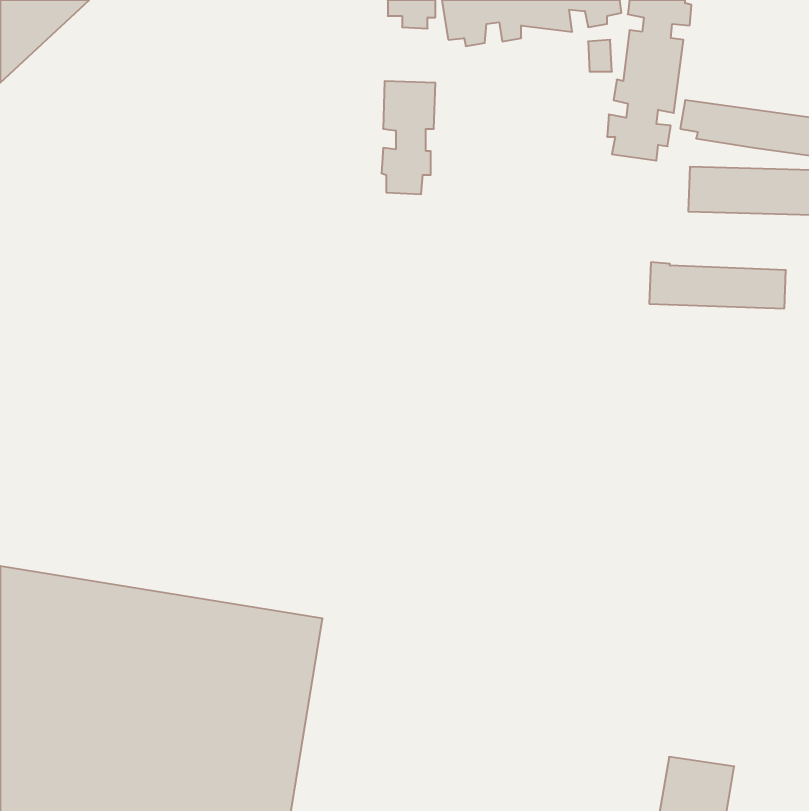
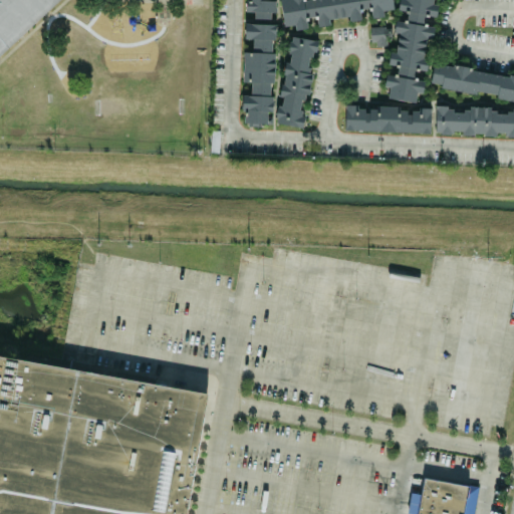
building: none -> [246,23,276,50]
building: none -> [276,36,315,127]
building: [649,262,786,308] -> [345,104,432,134]

